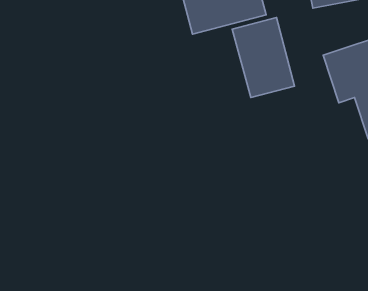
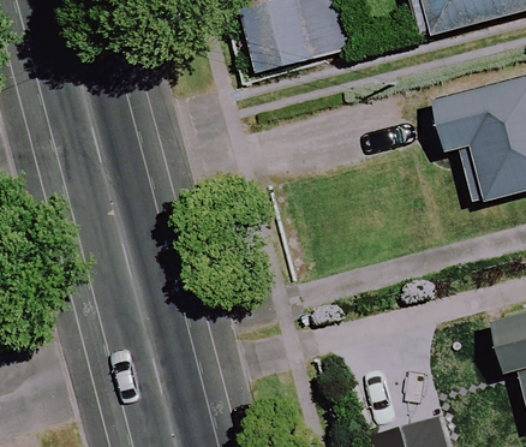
building: [232,17,295,98] -> none

